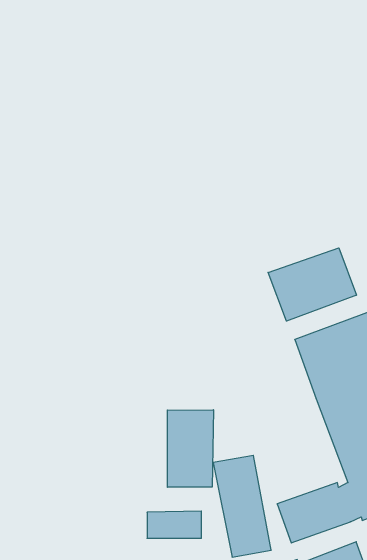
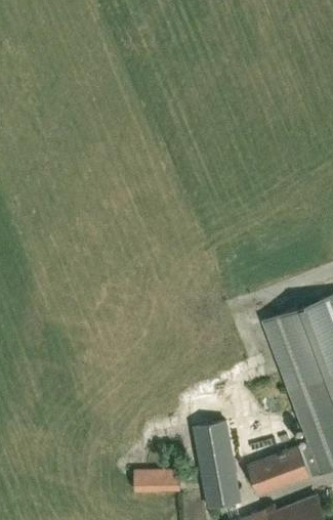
building: [268,248,356,321] -> none
building: [167,410,213,487] -> none

